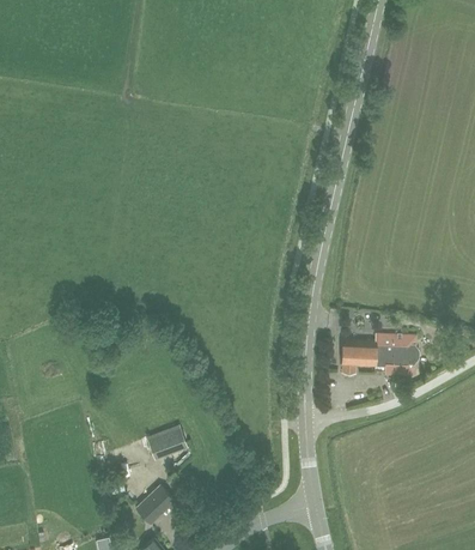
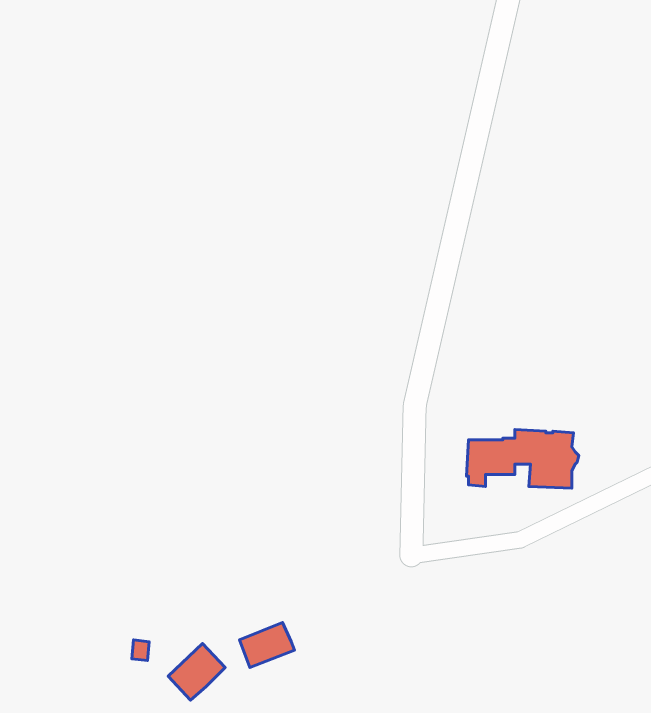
building: [150,428,188,459] -> [239,623,295,667]

